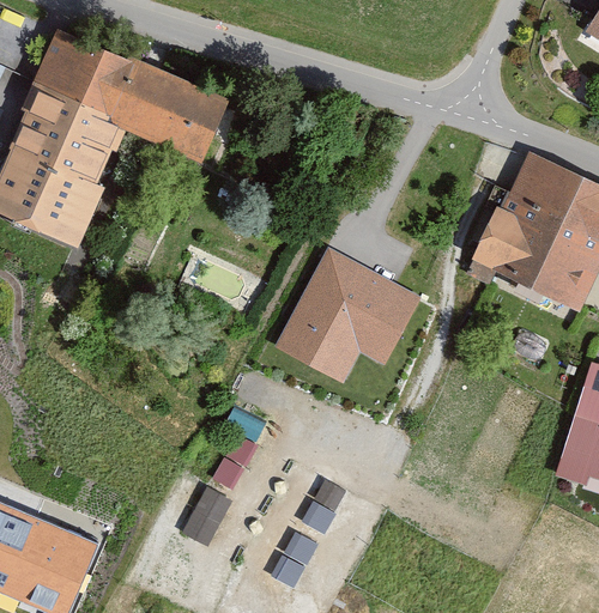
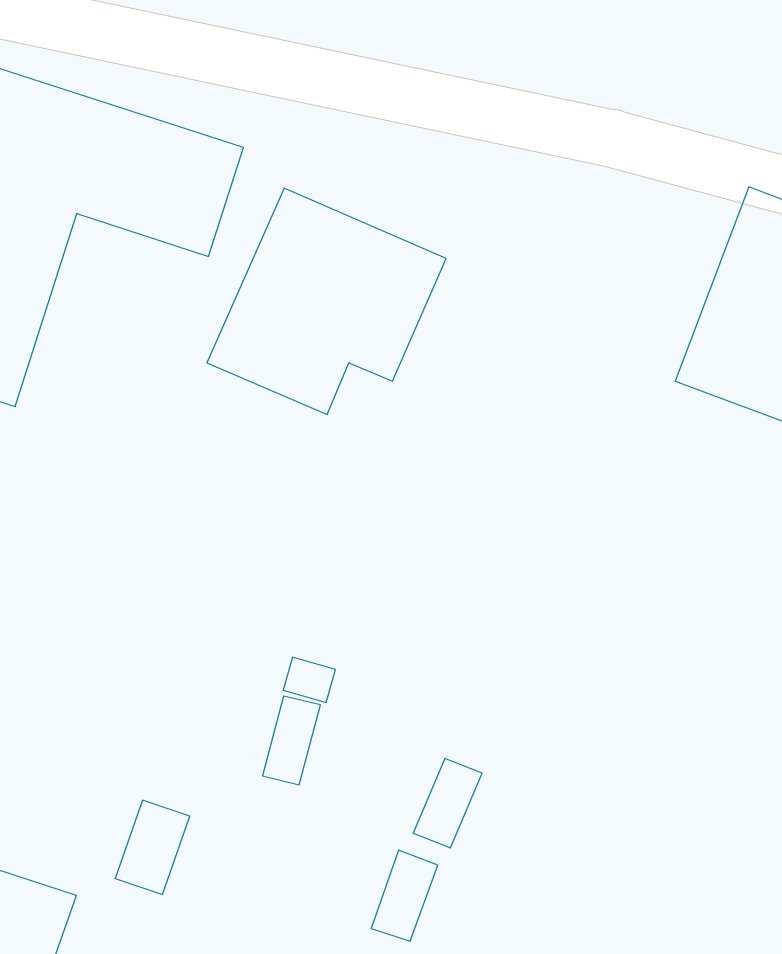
building: [271,248,419,386] -> [207,188,446,415]
building: [181,485,229,542] -> [115,800,190,895]

